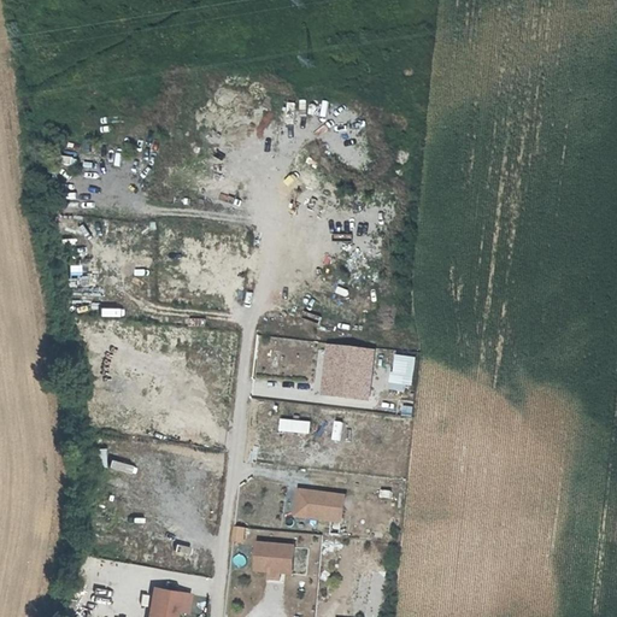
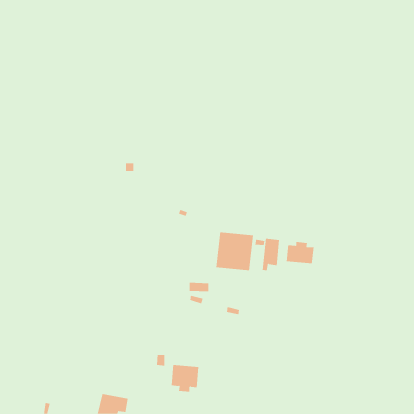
building: none -> [286,241,314,264]
building: [293,488,347,523] -> none

